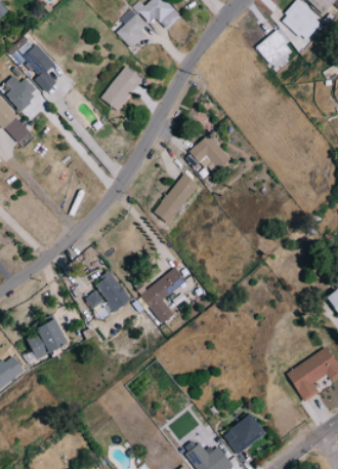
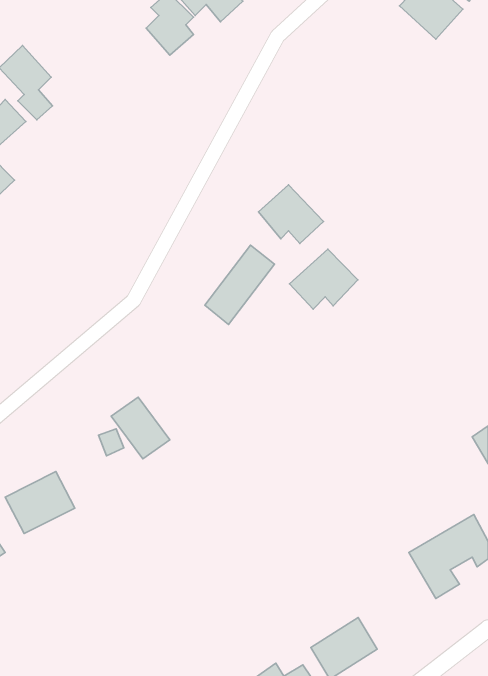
building: [256,30,294,69] -> none
building: [100,65,141,111] -> none
building: none -> [289,249,358,309]
building: [139,267,186,323] -> none

